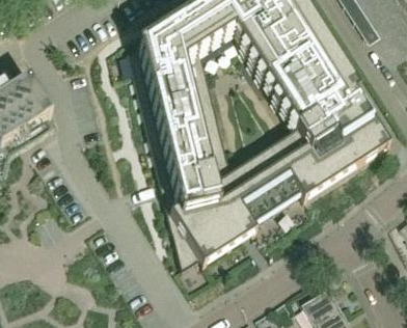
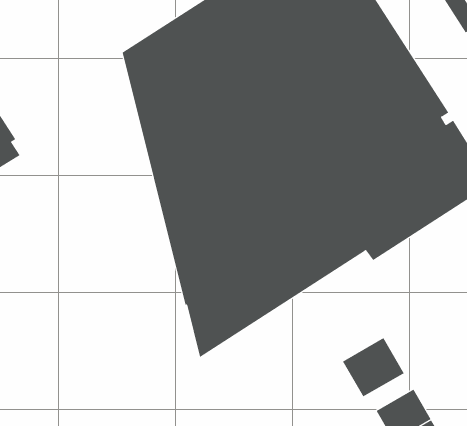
building: none -> [342,337,404,397]

